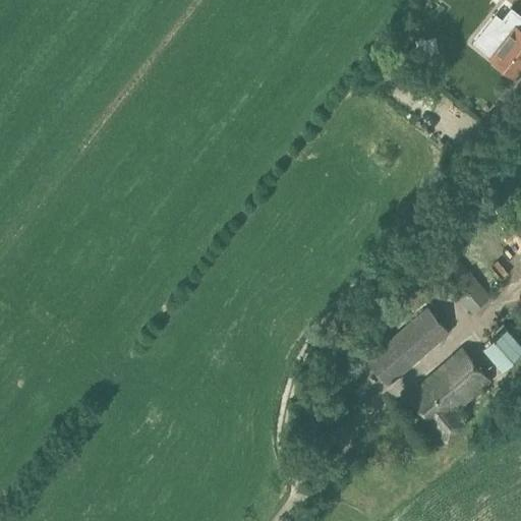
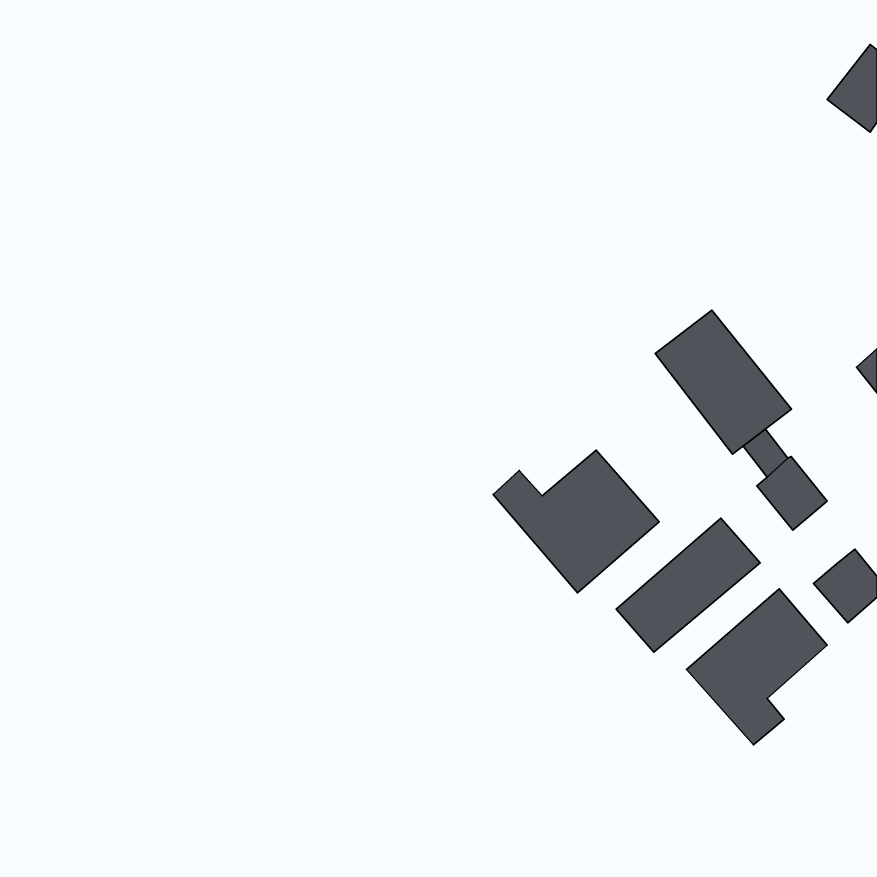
building: none -> [655,310,792,454]
building: none -> [493,450,659,593]

